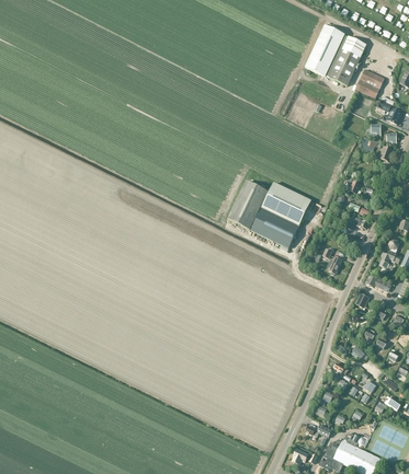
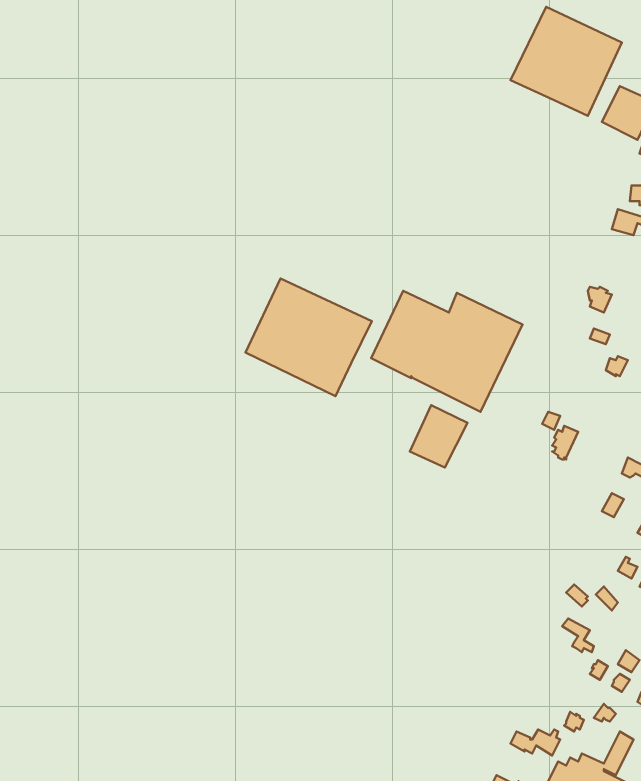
building: none -> [246,279,372,396]
building: none -> [410,405,467,467]

